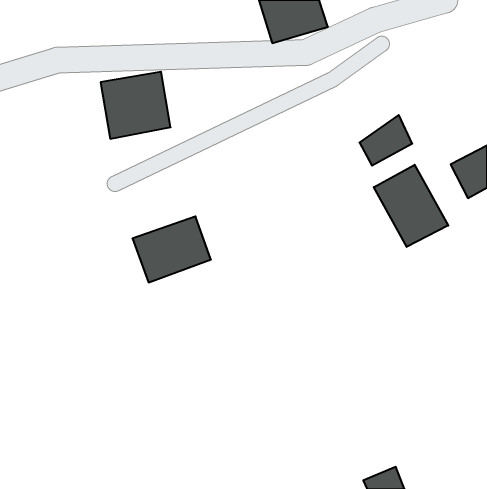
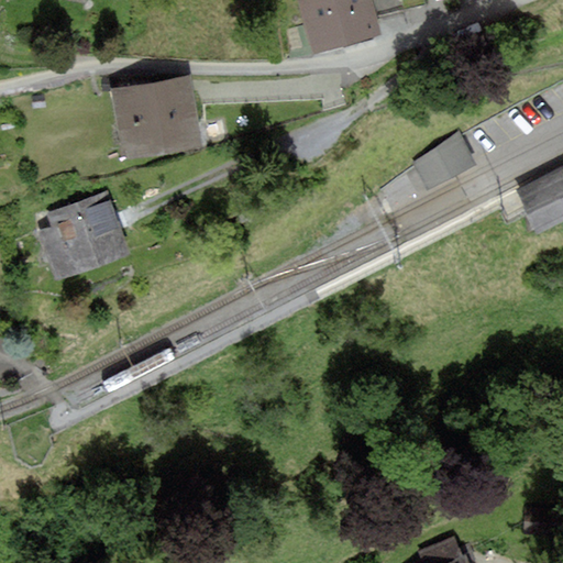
building: [374,165,448,247] -> none
building: [132,216,211,282] -> [41,202,131,278]

